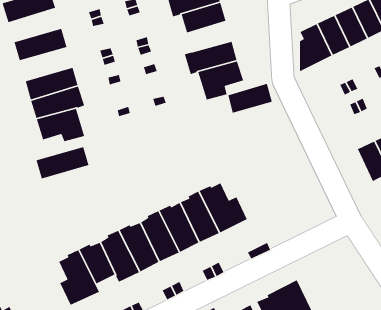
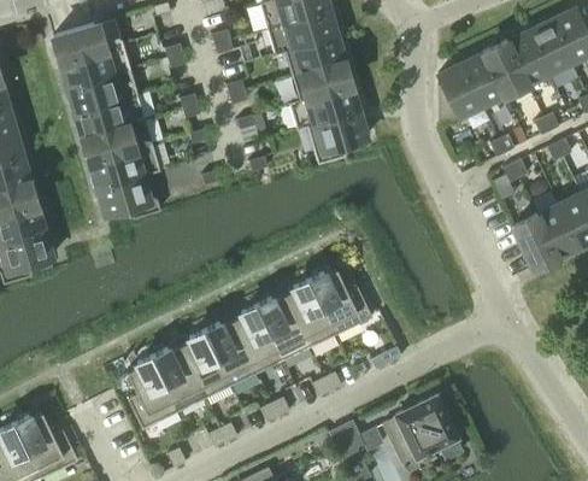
building: none -> [61,43,131,87]
building: [227,83,273,113] -> [293,60,352,100]
building: [36,146,90,180] -> [76,94,146,137]

